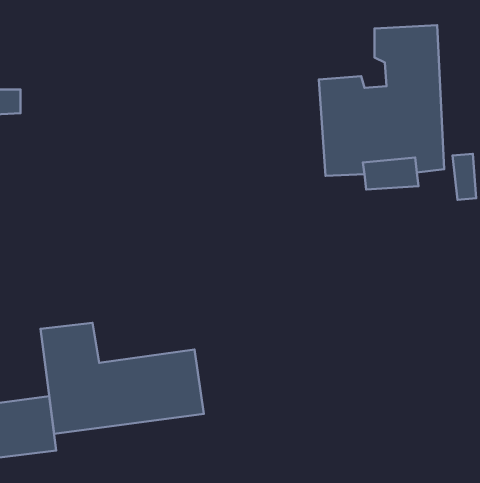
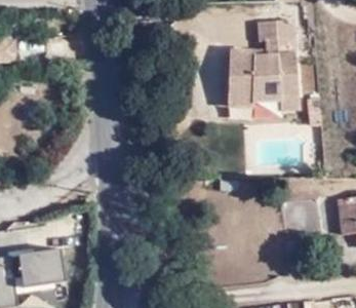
building: [40,323,204,434] -> none

